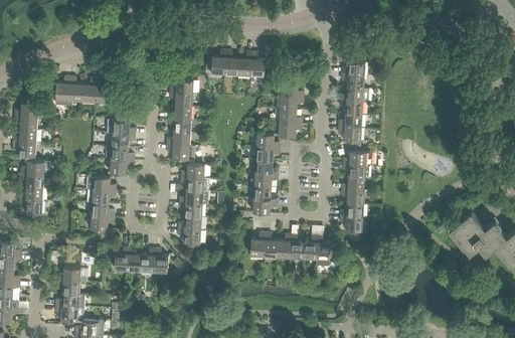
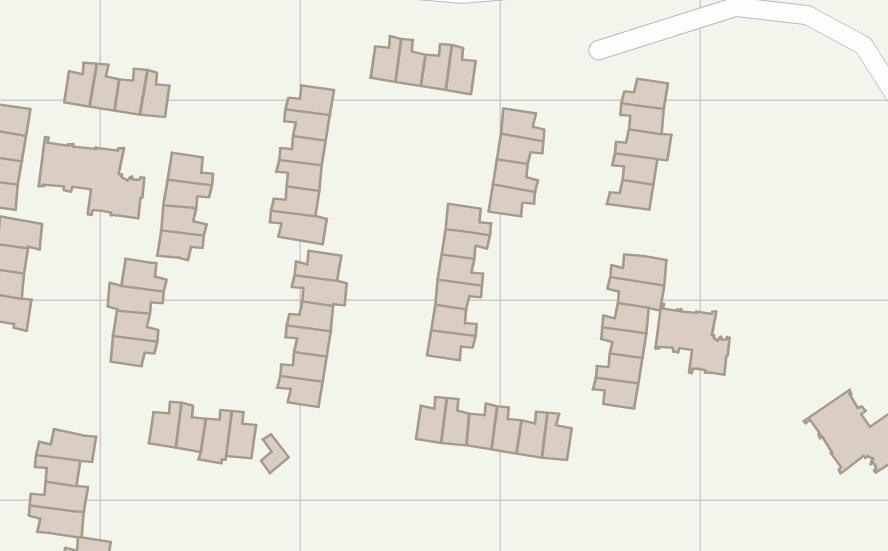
building: none -> [39,137,144,218]
building: [338,127,360,152] -> none
building: none -> [656,303,729,375]

